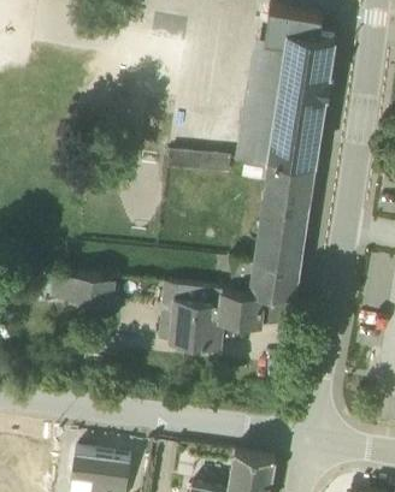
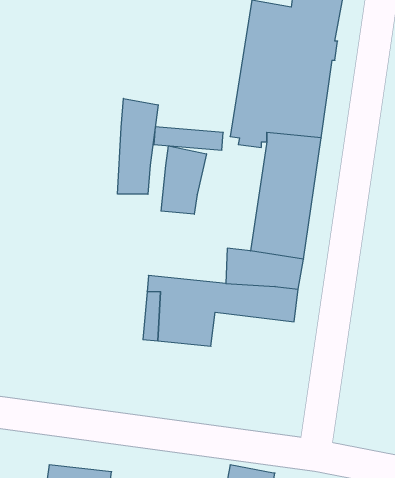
building: none -> [118,98,158,194]
building: none -> [161,146,206,214]
building: [51,274,116,304] -> none

